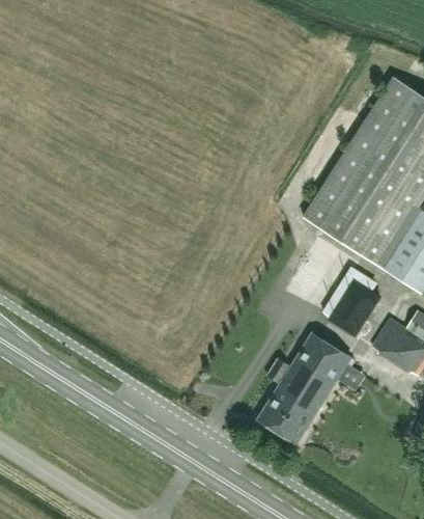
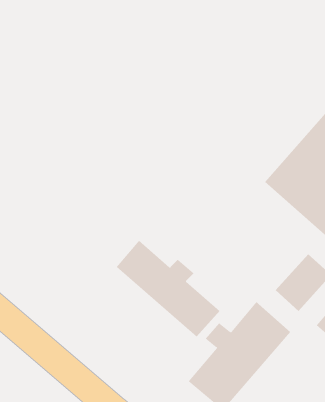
building: none -> [116,240,220,337]

